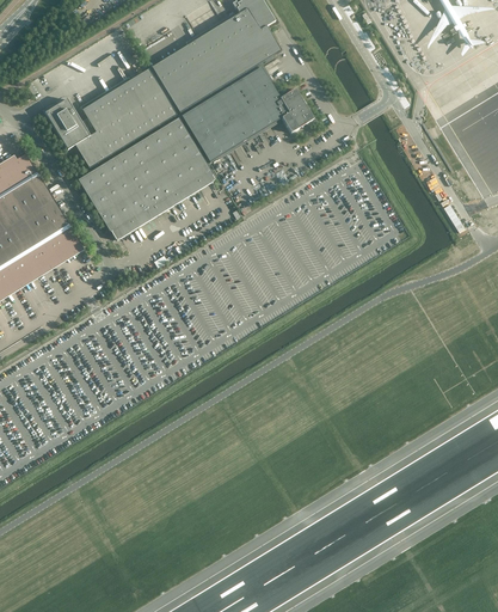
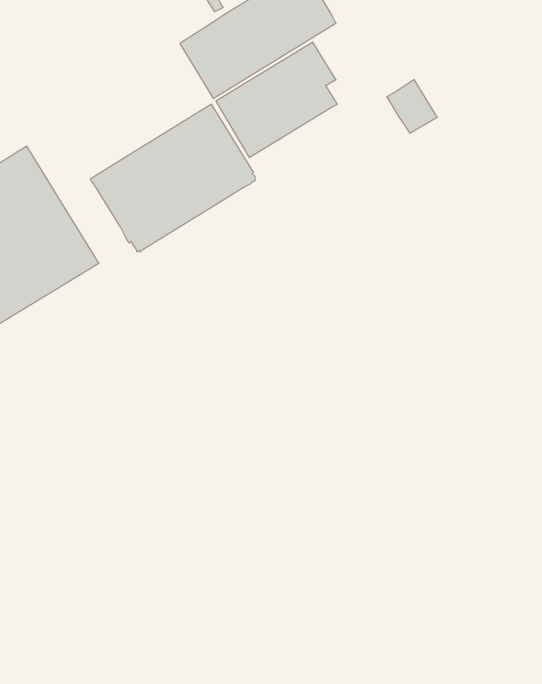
building: [44,68,177,167] -> none
building: [272,87,314,131] -> [387,80,437,133]

